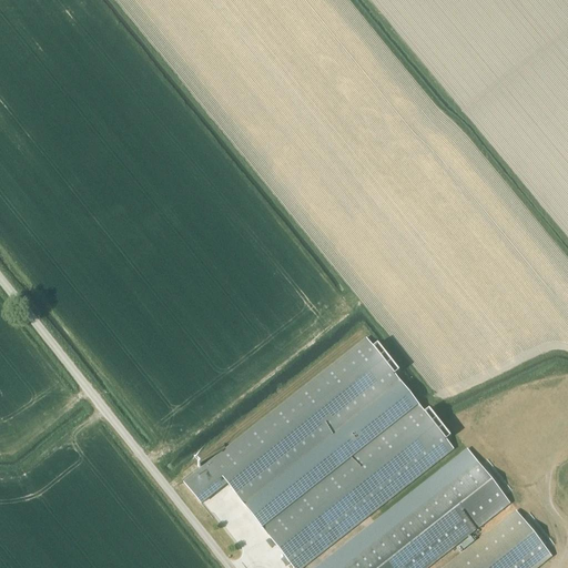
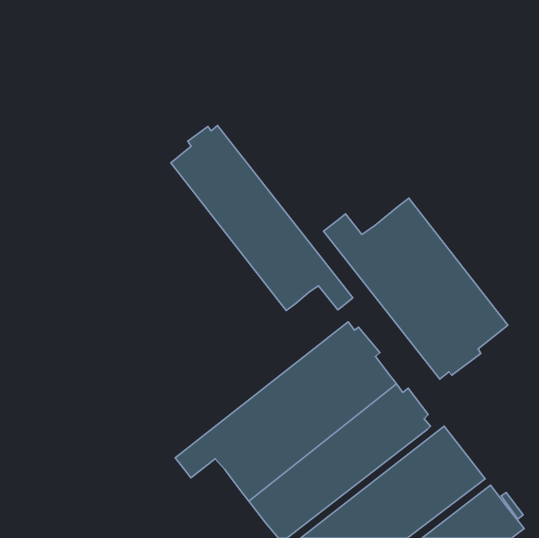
building: none -> [171,126,353,311]
building: none -> [323,198,508,379]

